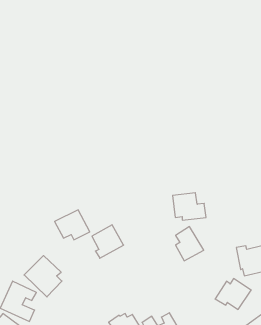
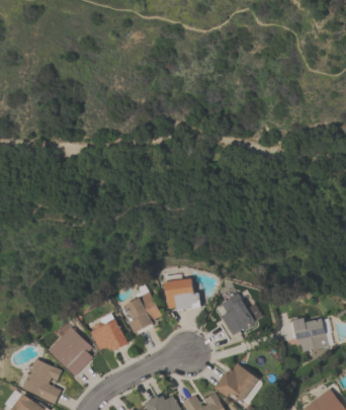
building: [173,193,206,220] -> [166,279,204,311]
building: [55,210,90,240] -> [88,318,128,352]
building: [215,279,251,309] -> [214,365,256,401]

